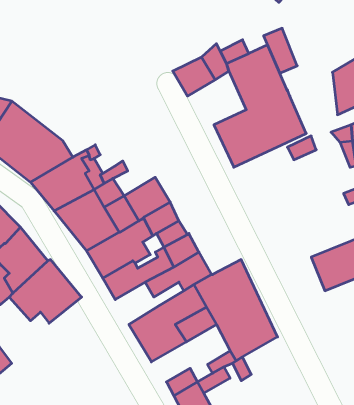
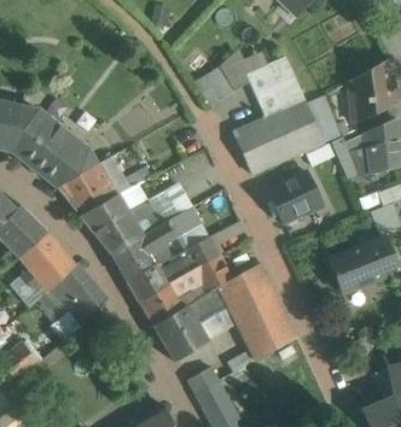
building: [264,28,297,73] -> [307,96,339,140]
building: none -> [266,171,321,221]
building: none -> [138,283,180,324]

